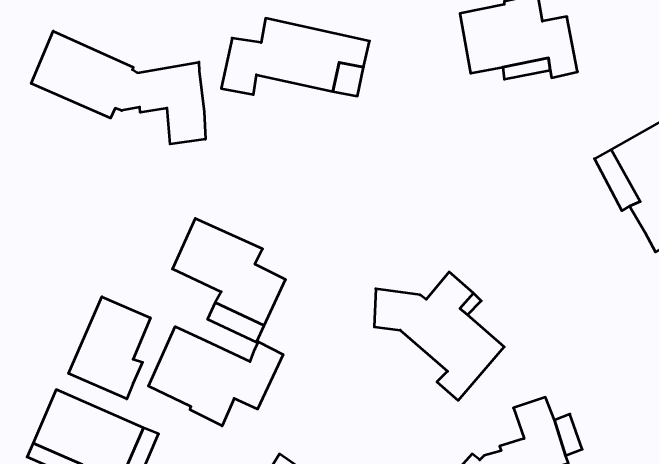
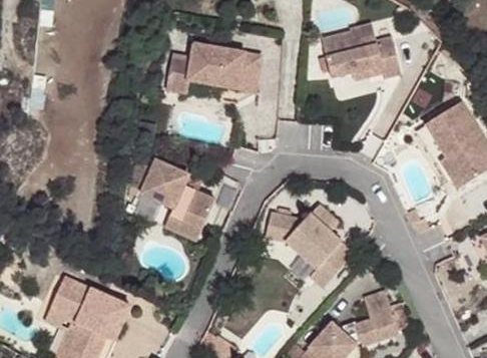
building: [31,31,205,144] -> none
building: [69,297,150,399] -> none
building: [148,327,283,426] -> none

